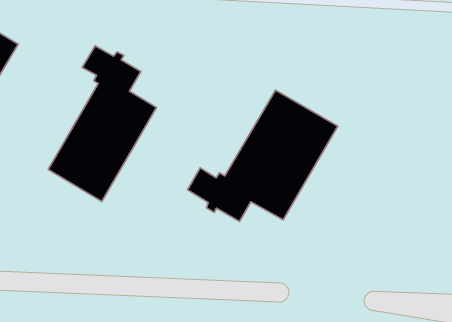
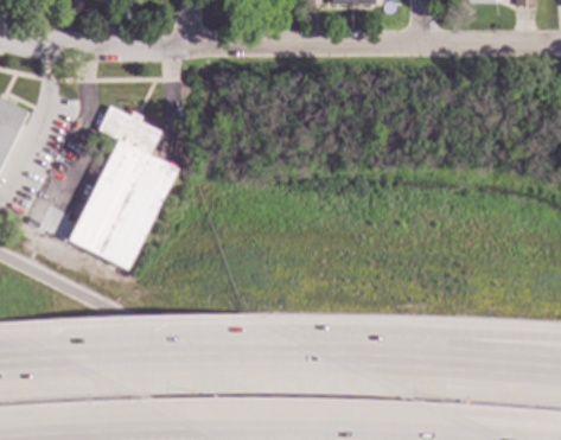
building: [187,90,338,221] -> none

